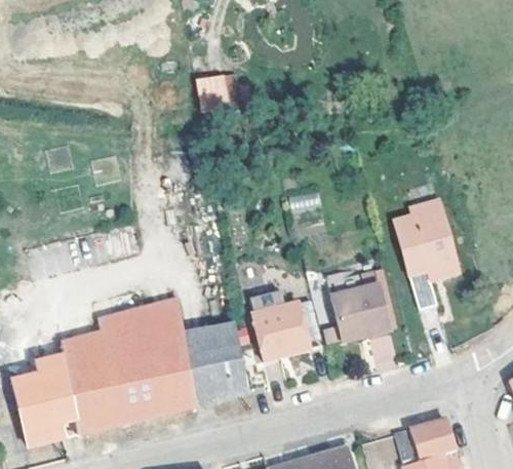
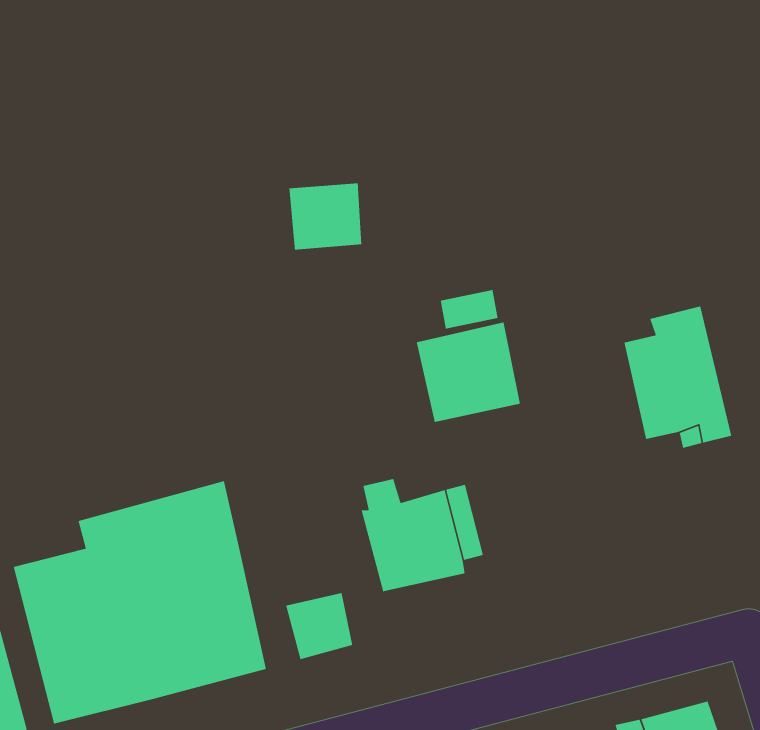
building: [202,74,243,112] -> [289,182,362,250]
building: [333,283,392,340] -> [416,322,521,423]
building: [184,328,240,403] -> none

